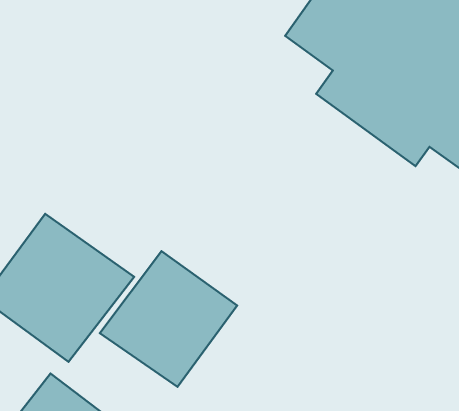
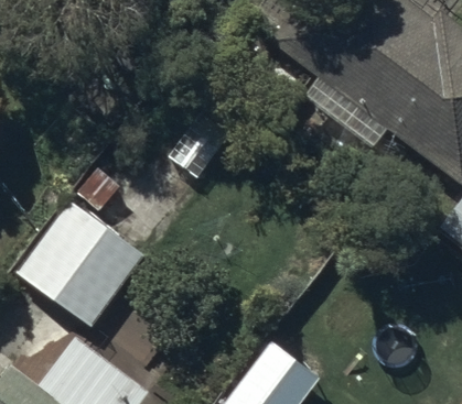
building: [100,251,237,387] -> none

